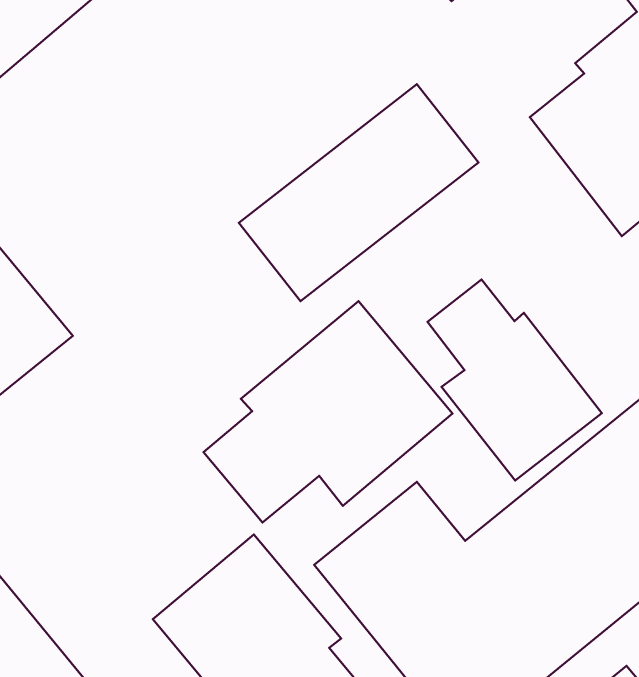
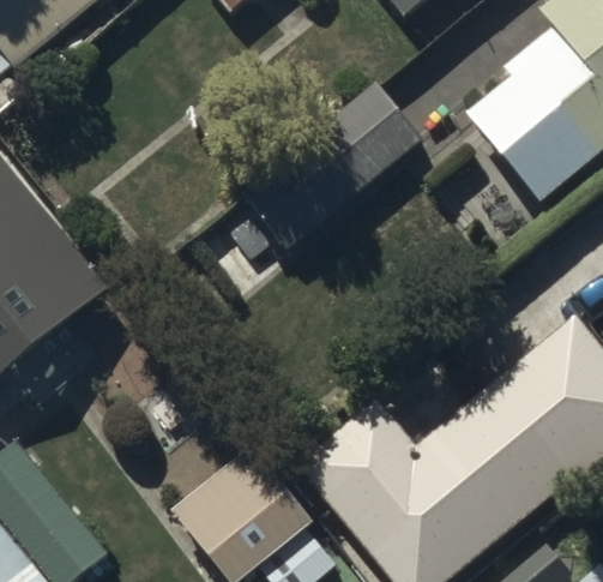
building: [427,279,602,481] -> none
building: [203,301,453,523] -> none

